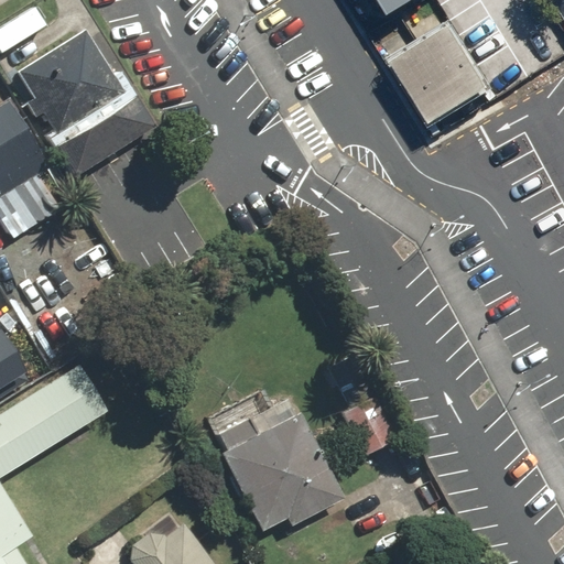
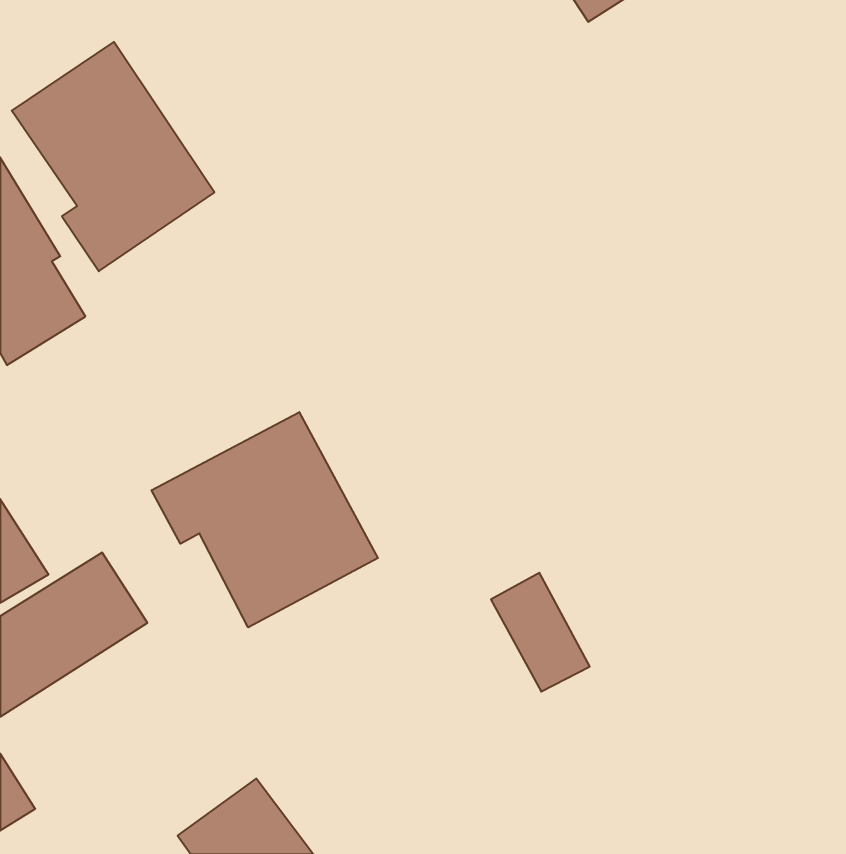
building: [390,28,488,127] -> none
building: none -> [152,412,378,627]
building: [212,413,338,532] -> none

